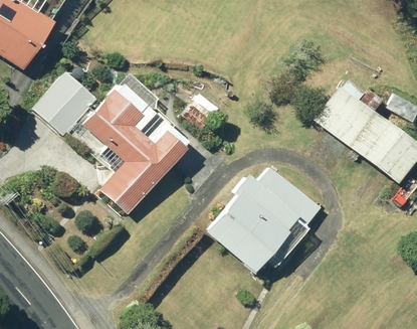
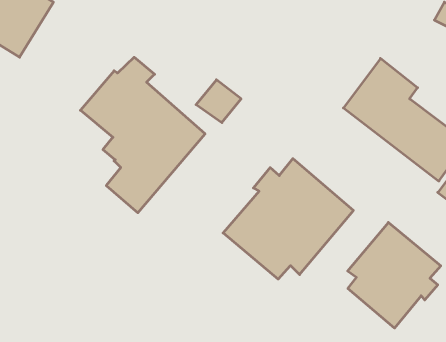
building: [32,70,96,136] -> none
building: none -> [348,222,441,328]

